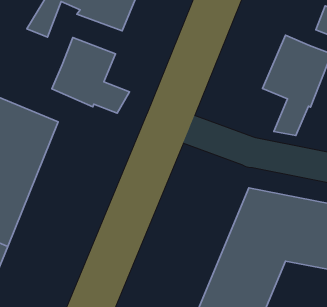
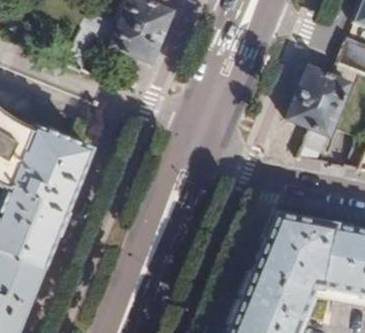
building: [52,38,130,113] -> none

